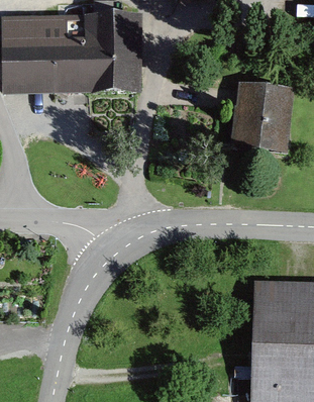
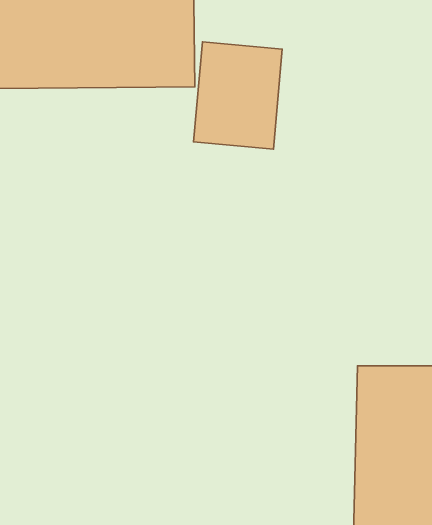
building: [231,78,293,153] -> [194,42,282,149]

